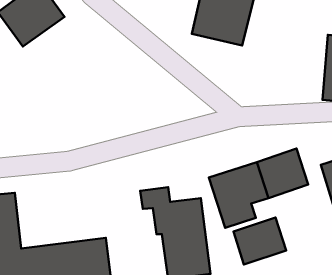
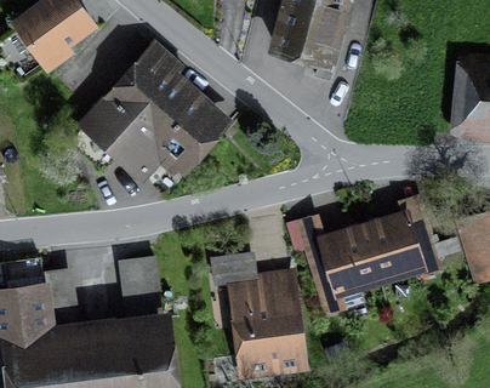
building: none -> [82,46,237,181]
building: [233,217,286,264] -> none

